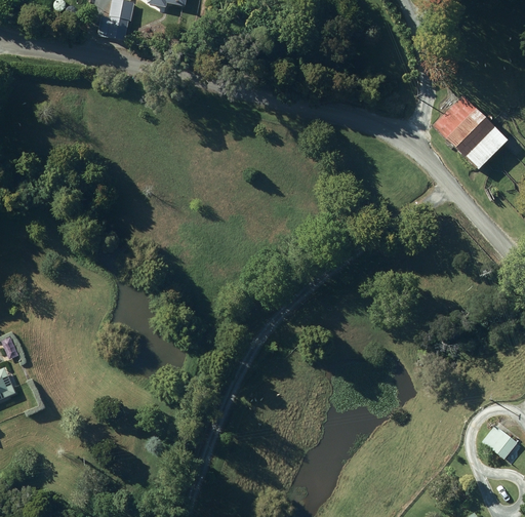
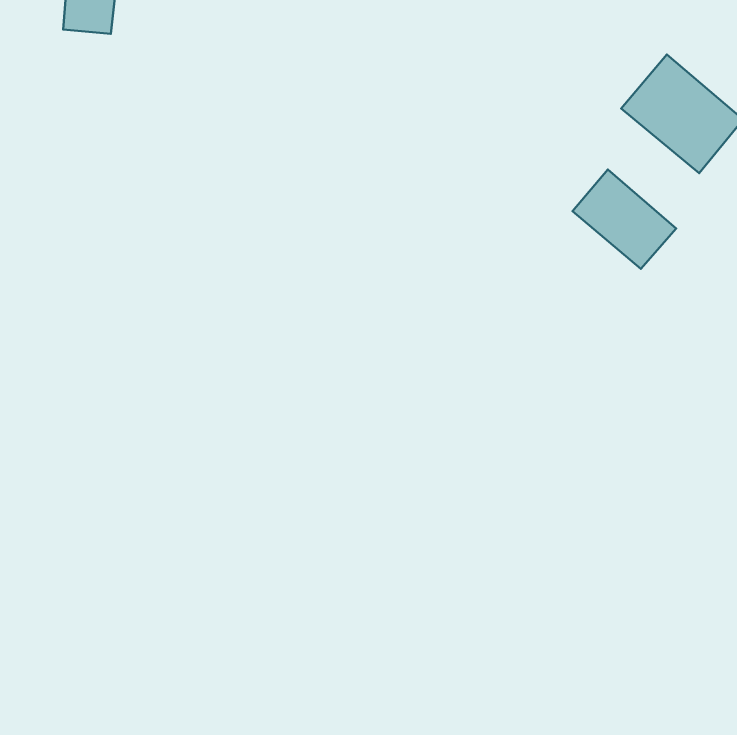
building: none -> [573,170,676,269]

